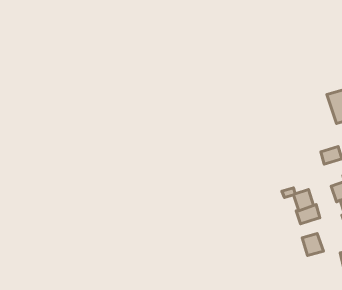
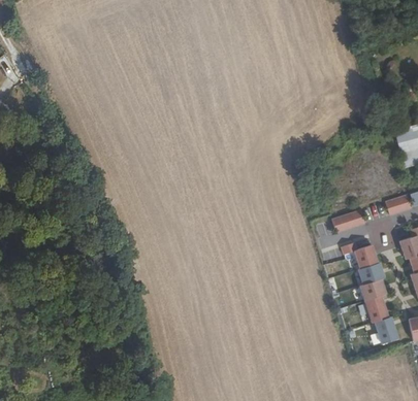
building: none -> [330,208,364,232]
building: none -> [358,278,386,301]
building: none -> [374,316,398,344]

